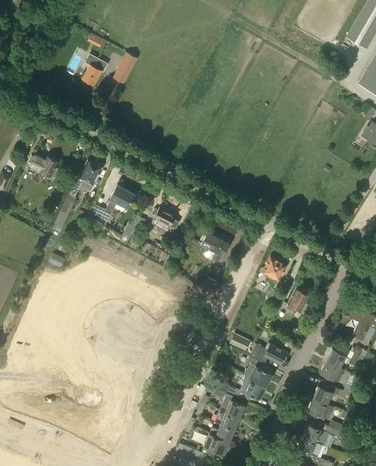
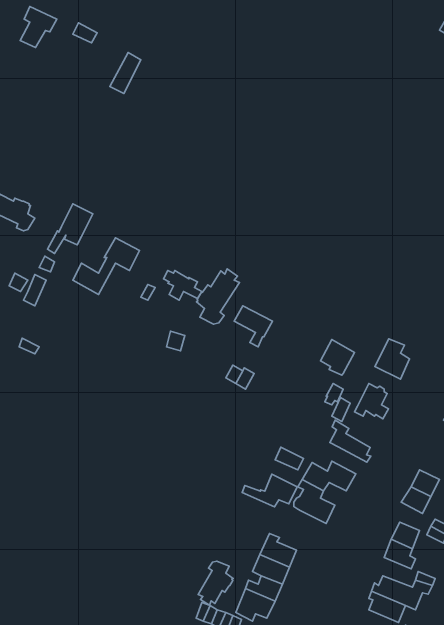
building: [83,55,109,84] -> [20,7,57,48]
building: none -> [196,269,239,324]
building: none -> [375,339,410,379]
building: none -> [330,420,371,462]
building: [228,378,267,401] -> [242,474,297,507]
building: none -> [198,561,233,605]

